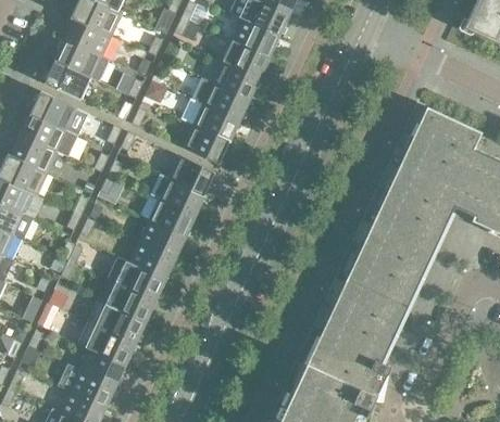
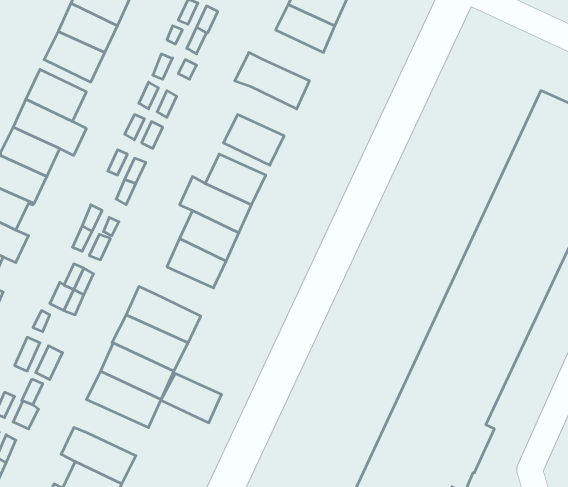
building: [213,60,260,99] -> none
building: [193,103,239,141] -> none
building: [129,242,175,280] -> none
building: [78,349,125,387] -> [161,373,222,423]

